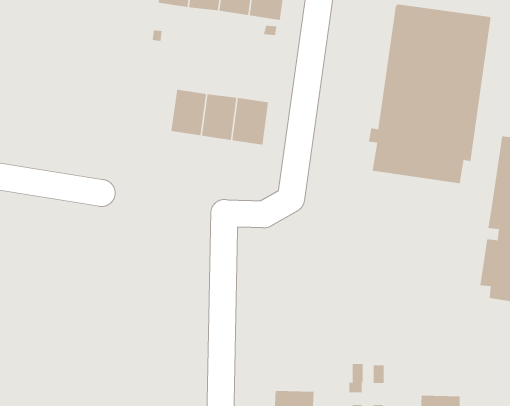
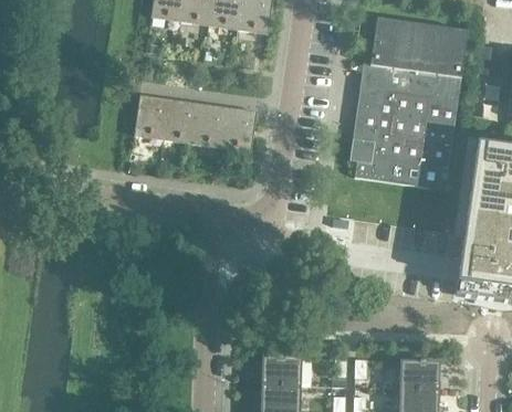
building: none -> [134,93,168,137]
building: none -> [261,353,300,383]
building: none -> [399,359,438,388]

